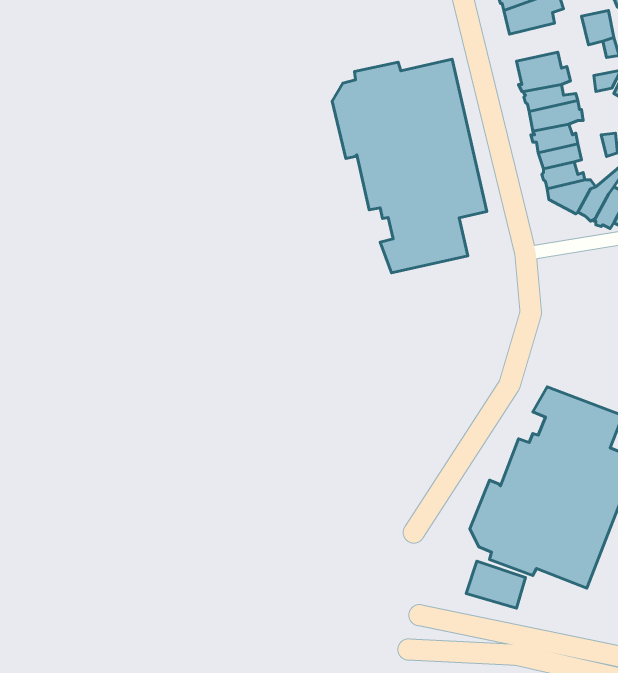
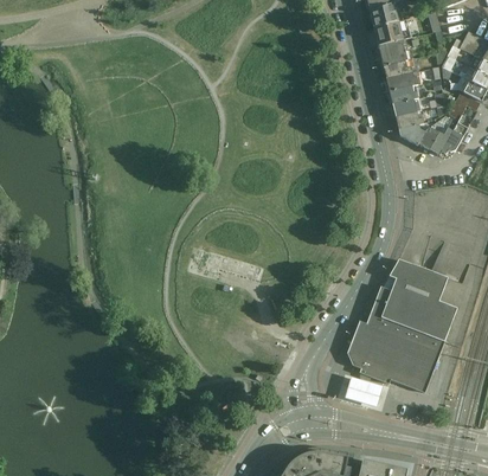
building: none -> [373,20,411,45]
building: [332,59,487,273] -> none

